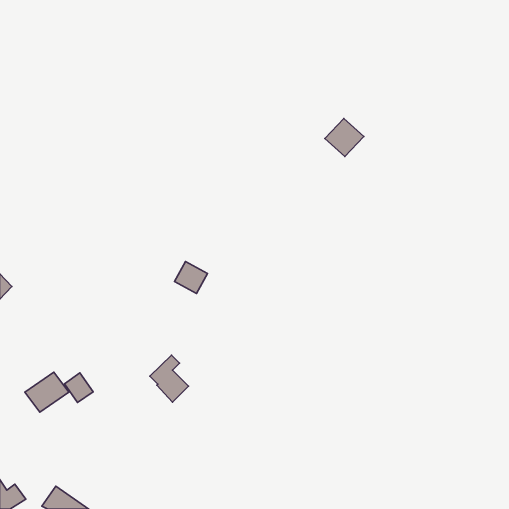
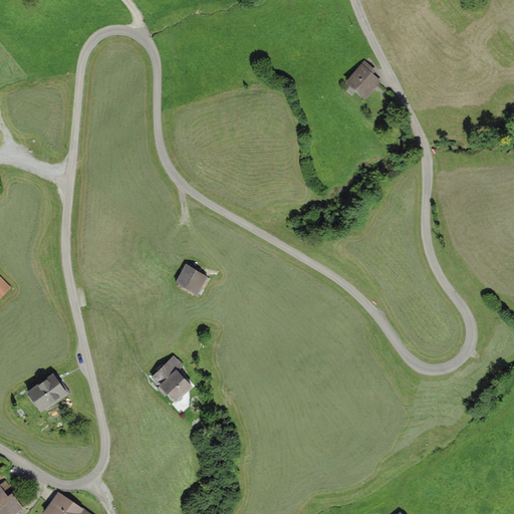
building: [325,119,364,156] -> [339,62,378,100]
building: [64,373,93,403] -> none

